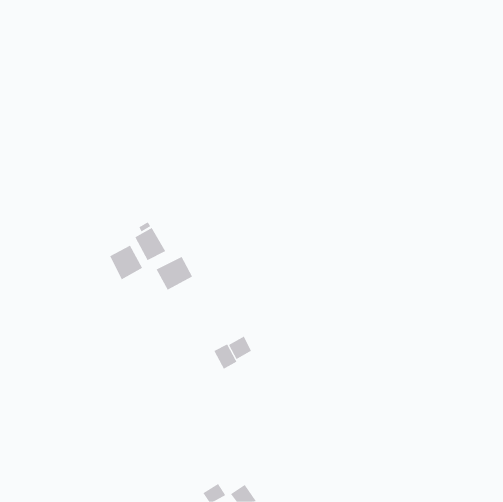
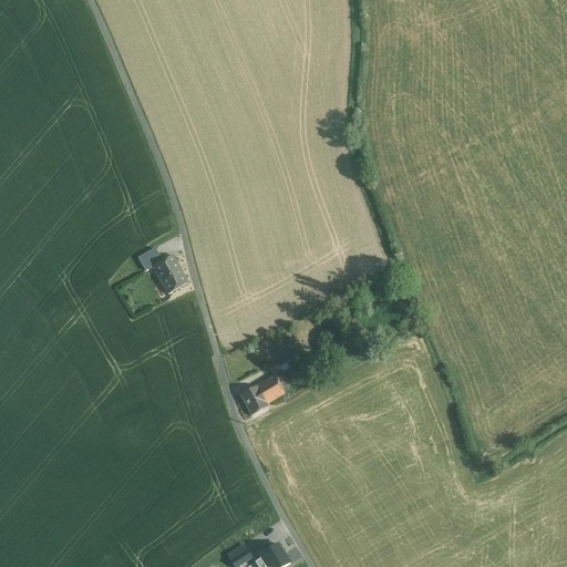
building: [109,245,143,280] -> none
building: [156,256,193,291] -> none

